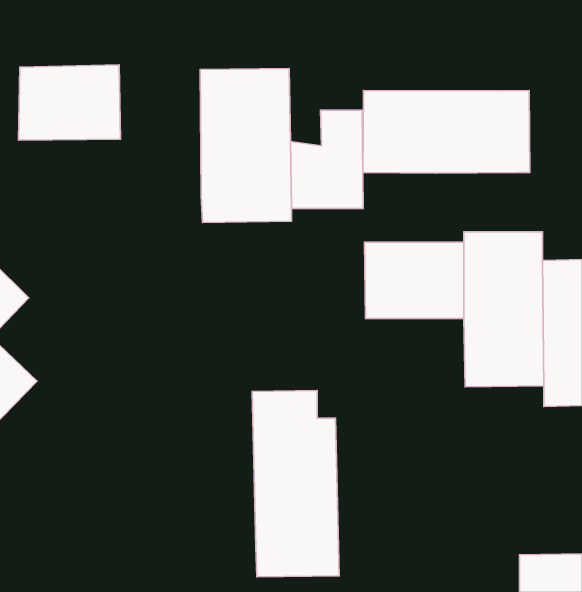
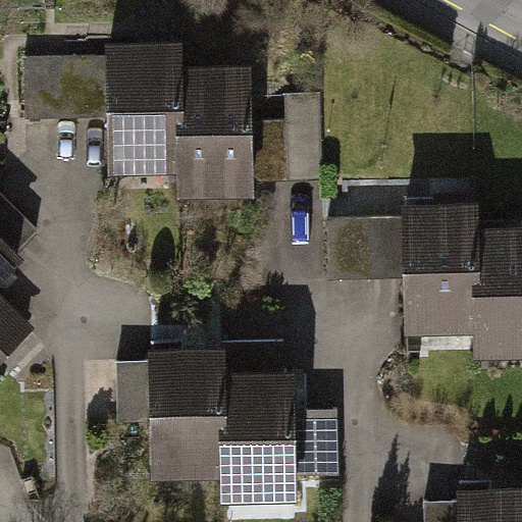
building: none -> [105,37,177,173]
building: [363,91,530,173] -> none
building: none -> [152,337,225,482]

